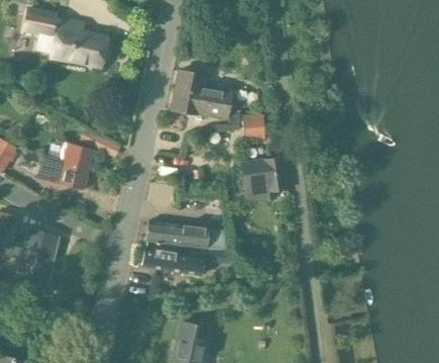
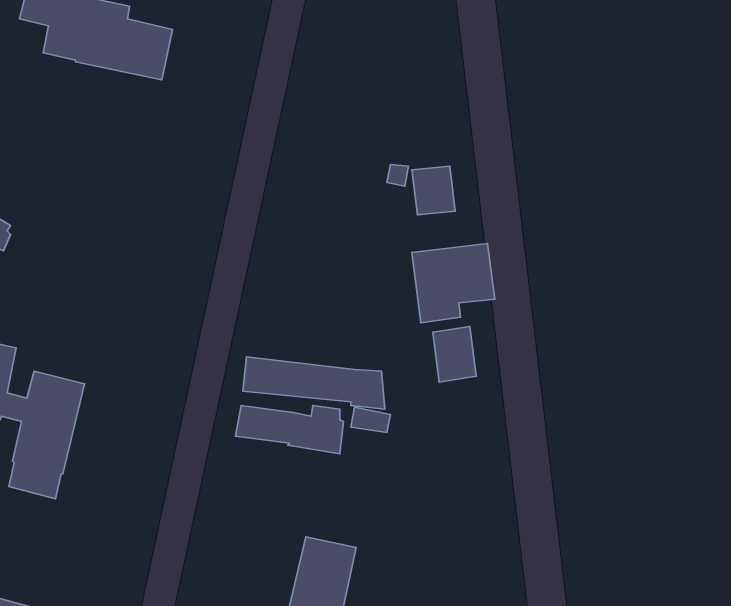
building: [172,71,232,117] -> none
building: [38,143,93,188] -> none
building: none -> [433,326,476,382]

